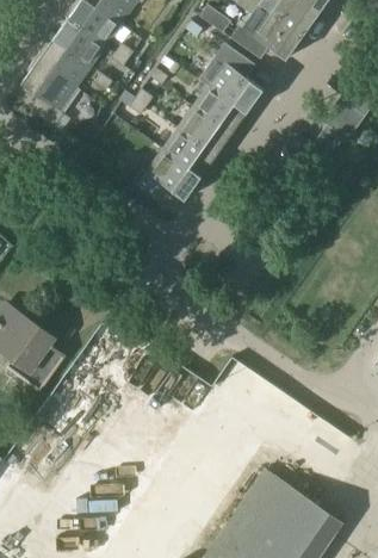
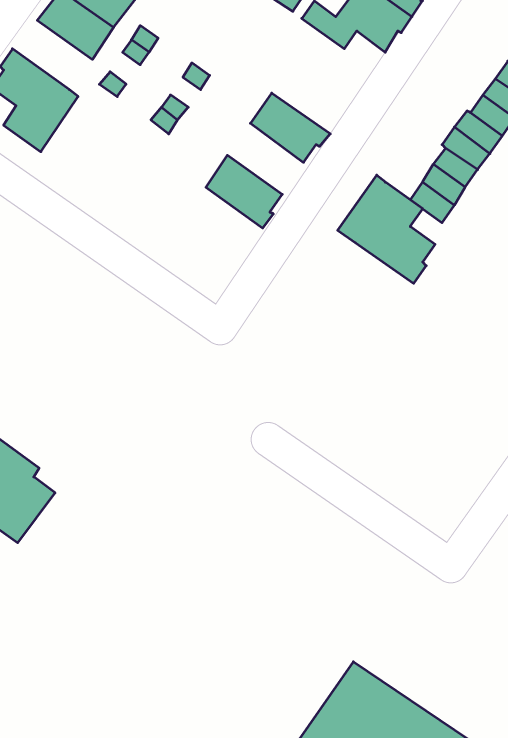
building: [35,38,88,85] -> none
building: [197,42,262,114] -> [338,175,435,283]
building: [179,107,230,155] -> none
building: [132,150,203,200] -> none

